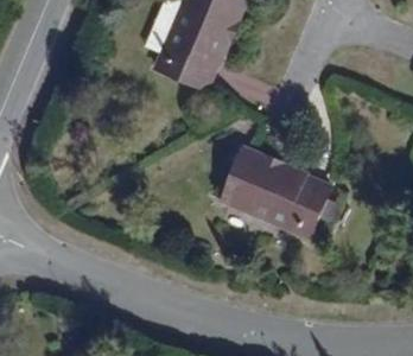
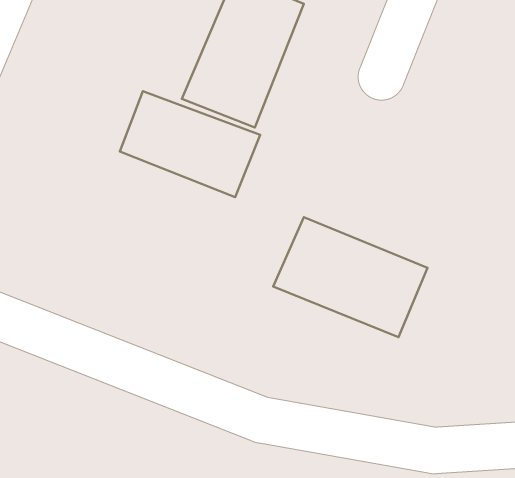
building: none -> [120,91,260,197]

